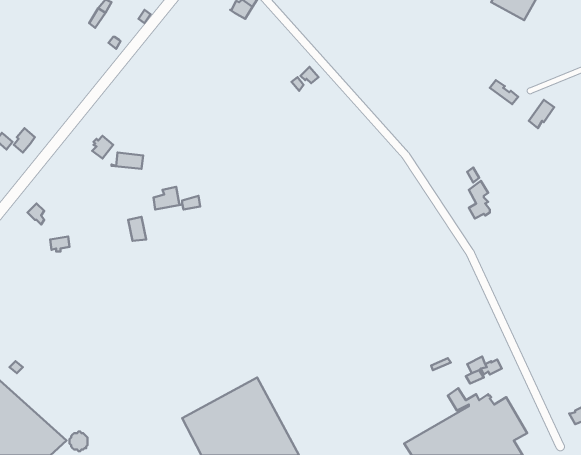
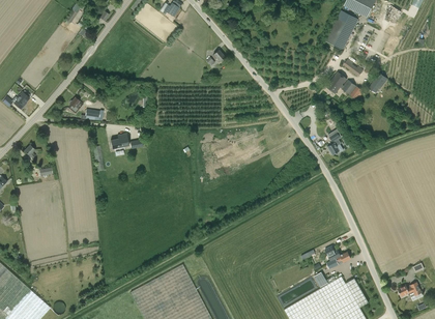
building: none -> [324,10,357,50]
building: none -> [325,71,361,99]

